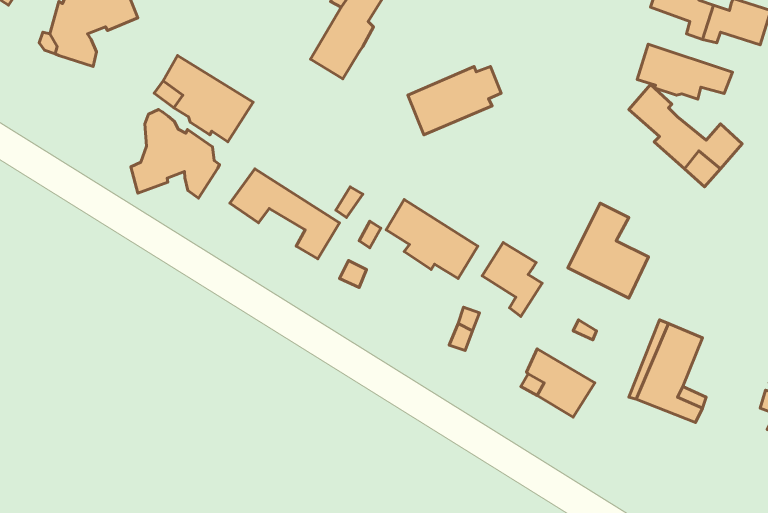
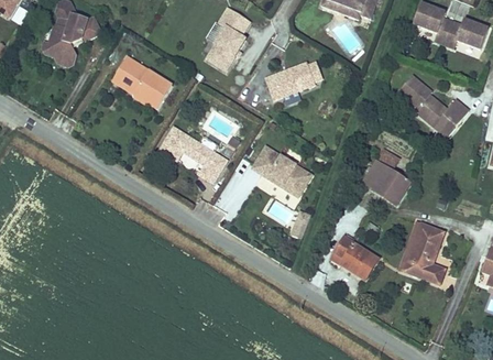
building: [637,44,732,99] -> none
building: [131,109,220,198] -> none
building: [482,242,542,316] -> none

